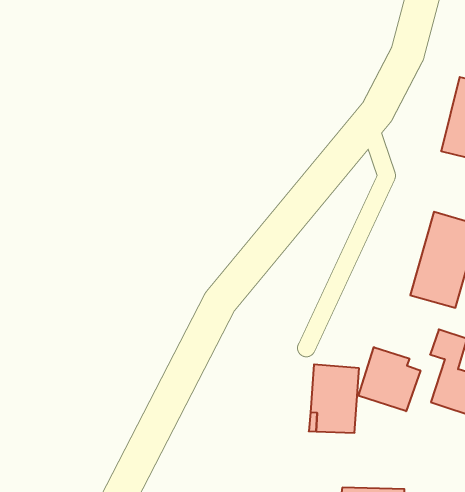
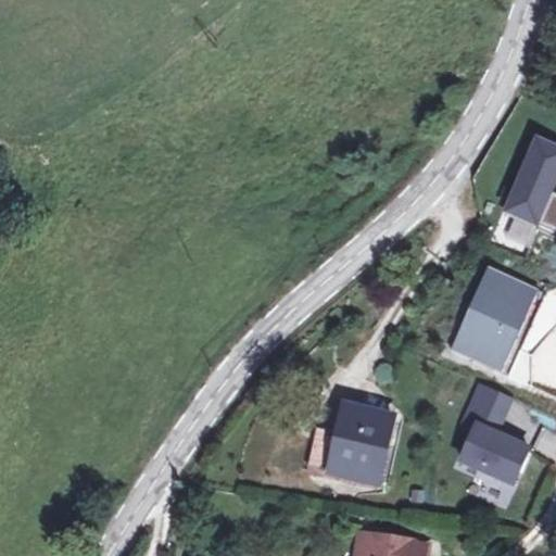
building: [359,347,420,411] -> none

